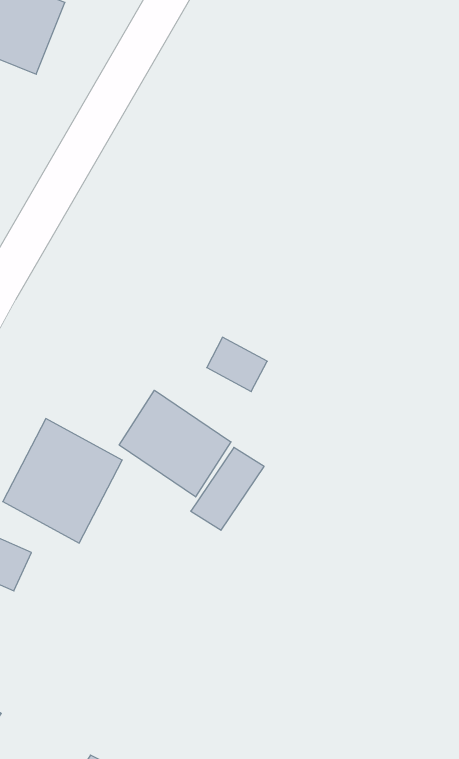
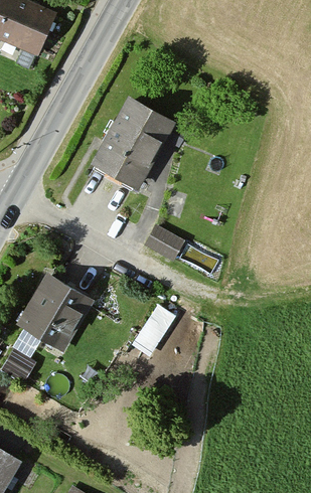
building: none -> [91,98,173,190]
building: [119,390,231,497] -> none

